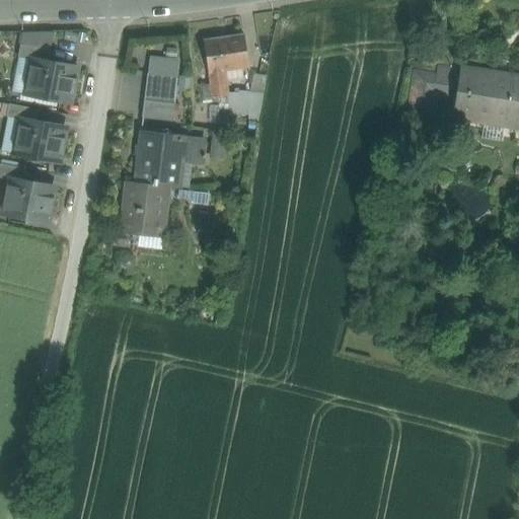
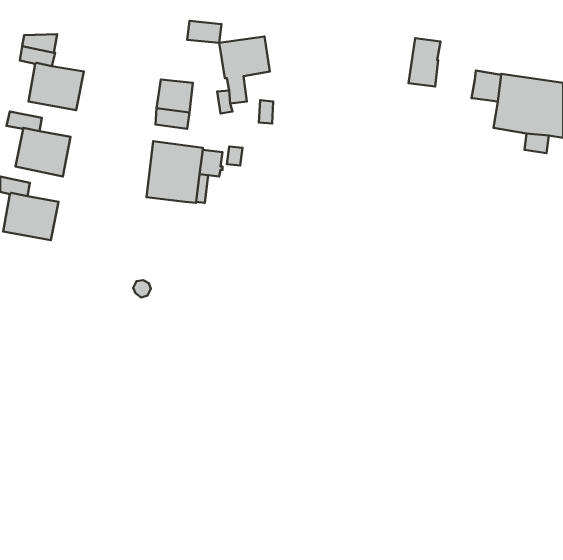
building: [148,56,179,76] -> [187,21,221,43]
building: [407,70,437,115] -> [409,38,441,87]
building: [119,180,170,236] -> none

